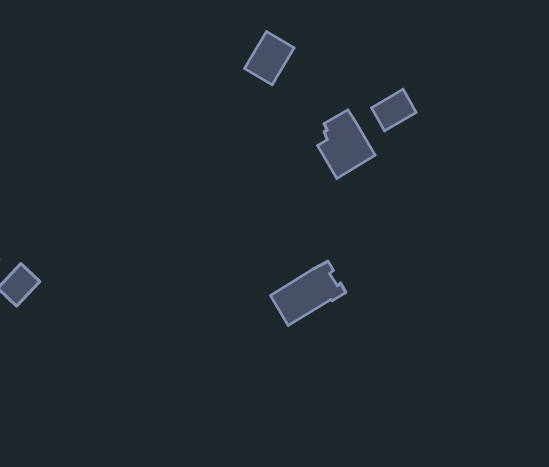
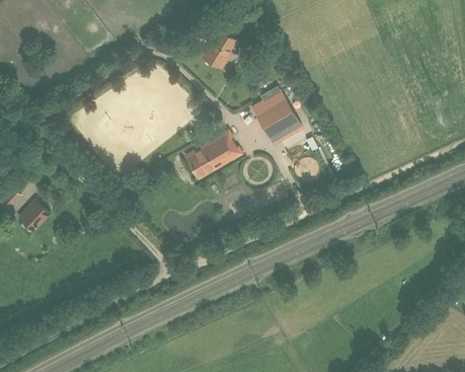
building: [371,89,416,131] -> none
building: [270,261,346,326] -> [185,131,241,178]

